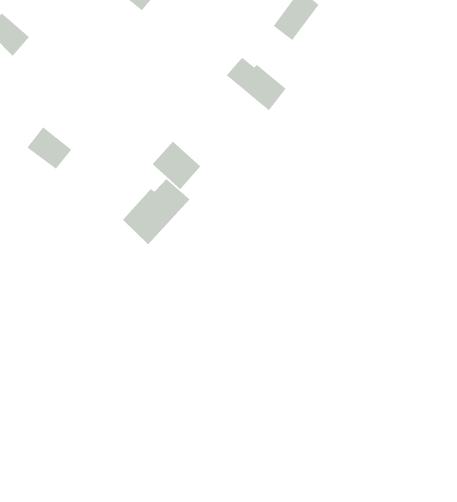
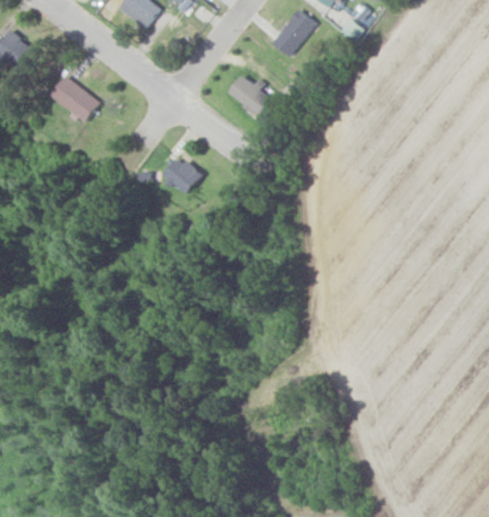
building: [27,126,72,170] -> [54,79,98,121]
building: [122,178,190,245] -> none

